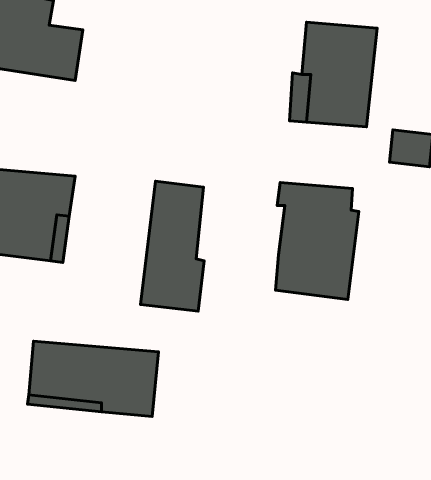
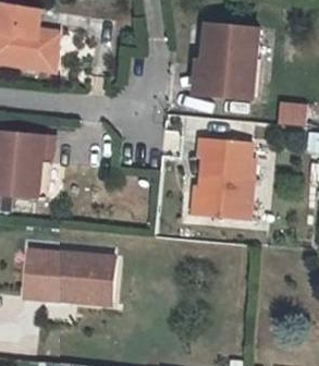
building: [140,181,204,311] -> none

